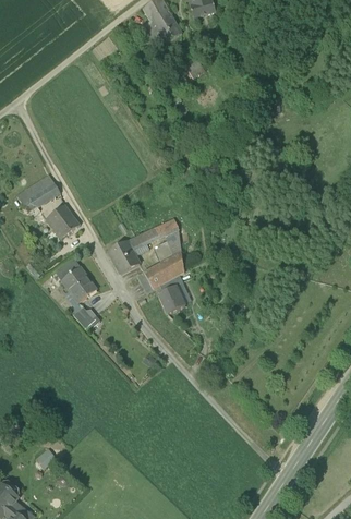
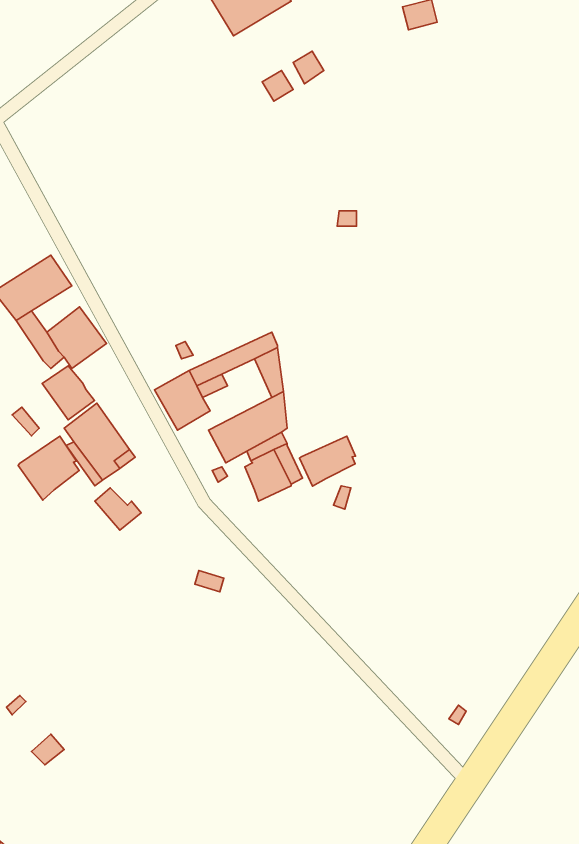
building: none -> [42,366,94,420]
building: none -> [299,436,355,486]
building: none -> [18,436,79,500]

